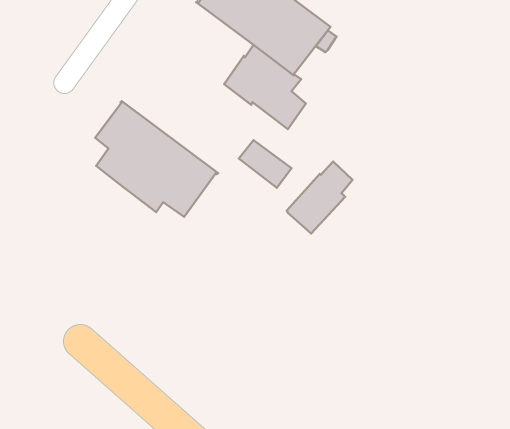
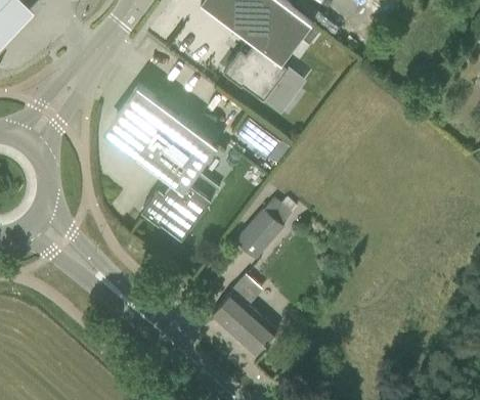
building: [287,162,353,234] -> [235,198,291,259]
building: none -> [141,171,211,238]
building: none -> [211,276,276,355]

